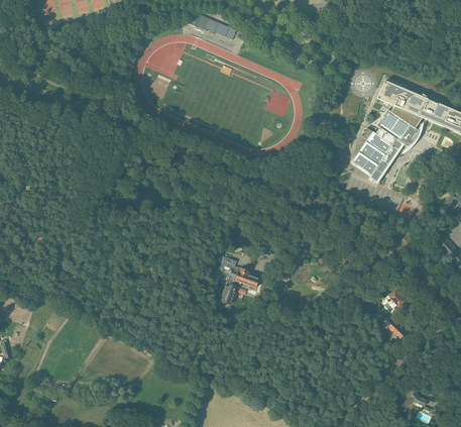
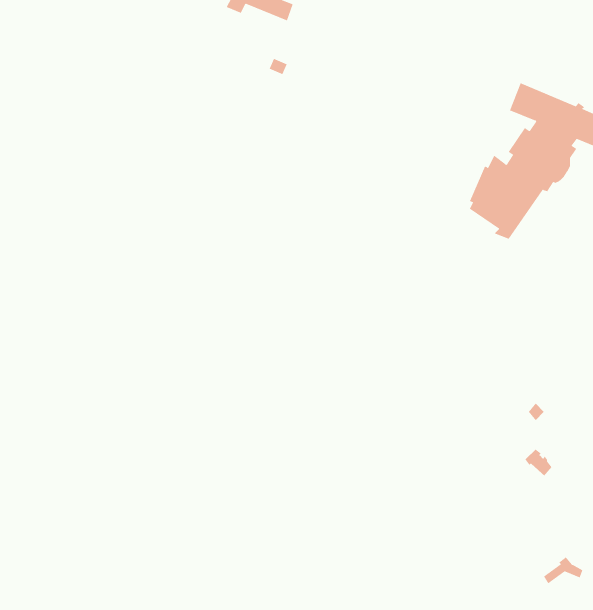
building: [218,254,260,305] -> none

